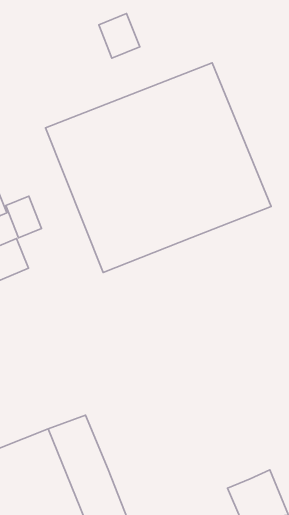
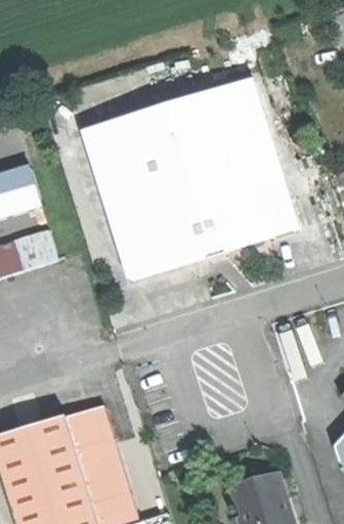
building: [99,13,140,58] -> none
building: [6,196,41,238] -> none

